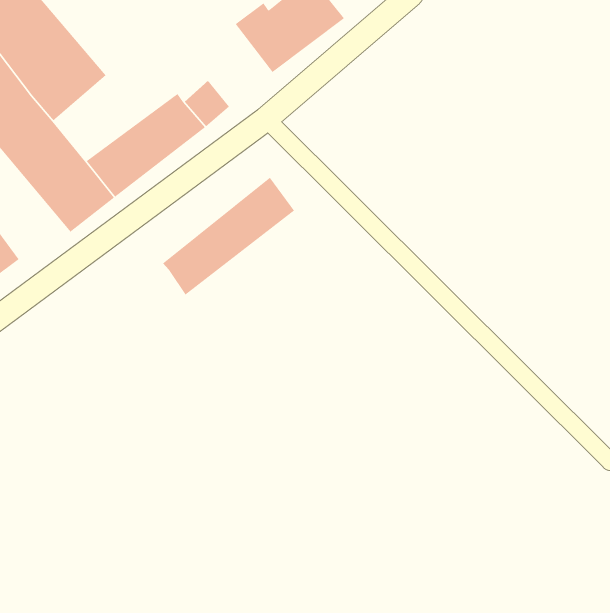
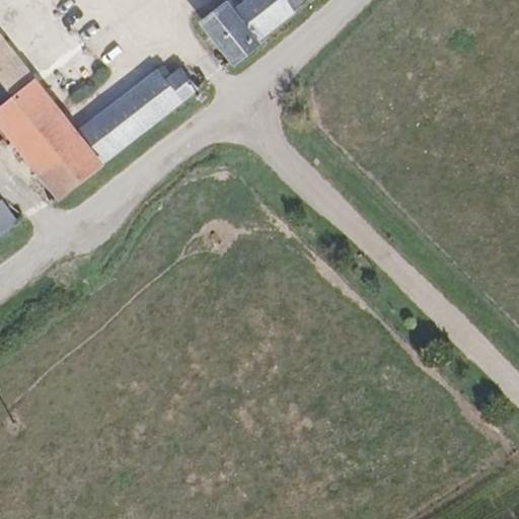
building: [162,177,295,296] -> none

